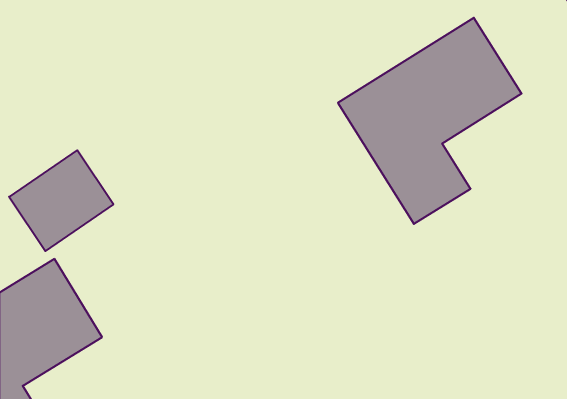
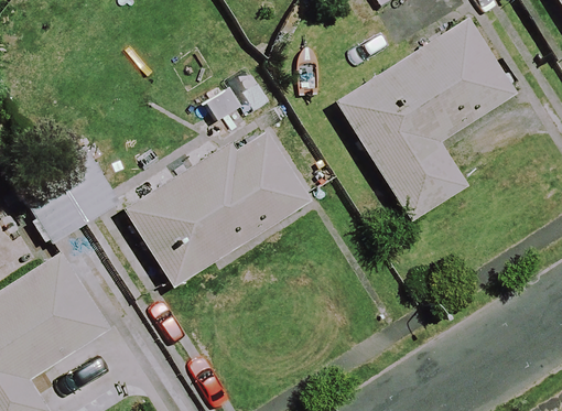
building: none -> [123,123,310,286]

